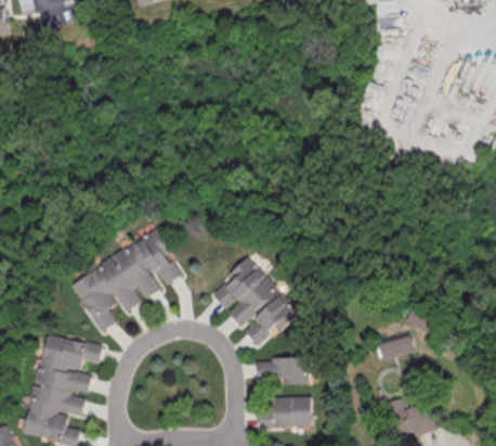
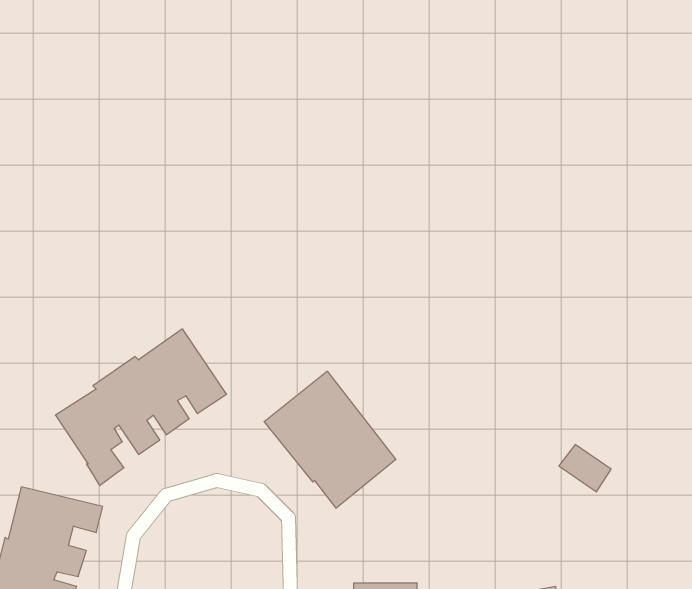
building: [378,337,415,358] -> none
building: [257,357,310,384] -> none

